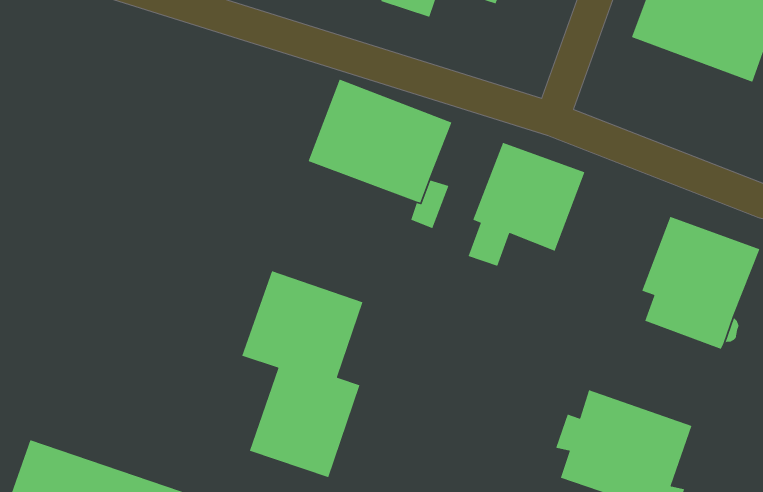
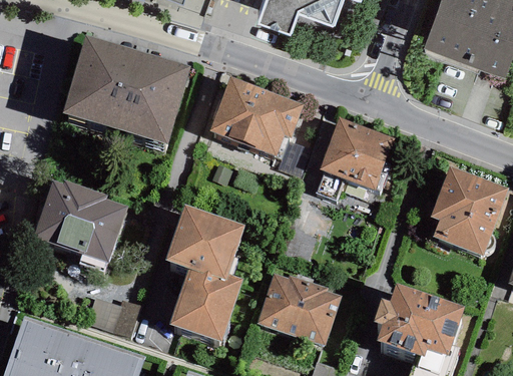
building: none -> [61,37,191,146]
building: none -> [33,180,129,273]
building: none -> [260,266,332,336]

